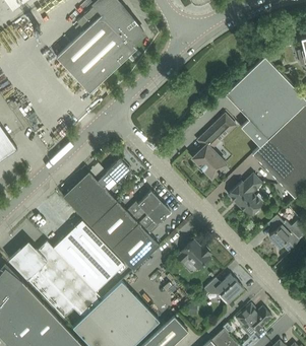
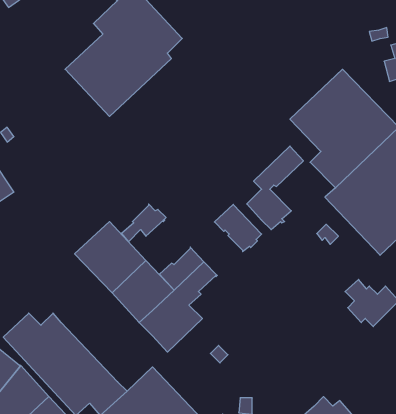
building: [227,182,262,217] -> [214,204,262,252]
building: [52,219,124,292] -> none
building: [177,239,210,269] -> none
building: [203,275,243,302] -> none

